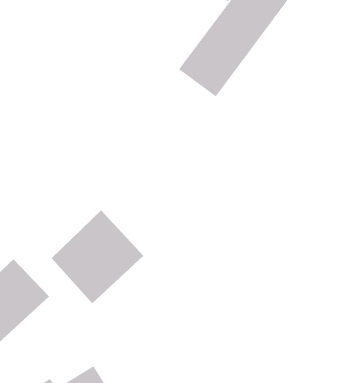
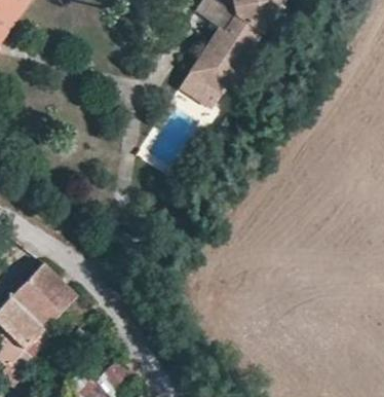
building: [51,210,144,304] -> none

